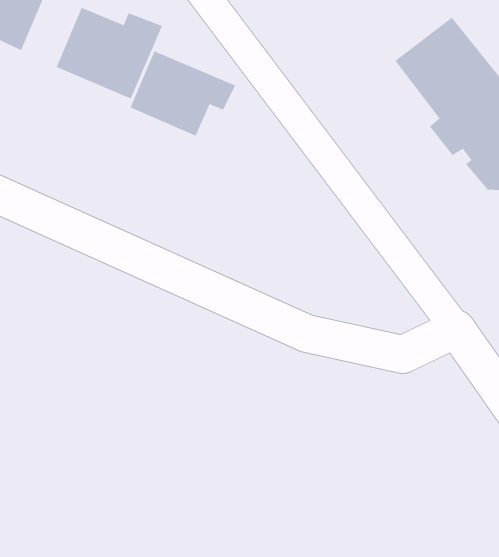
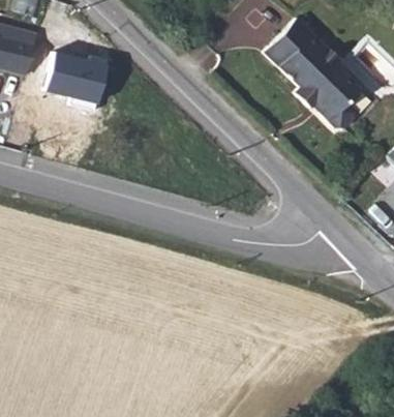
building: [130,51,236,136] -> none

